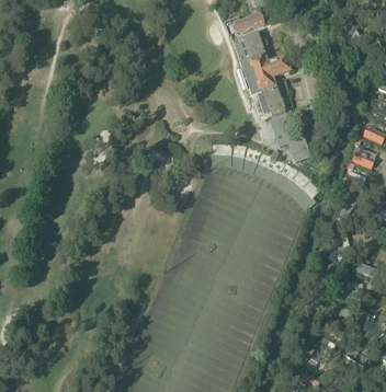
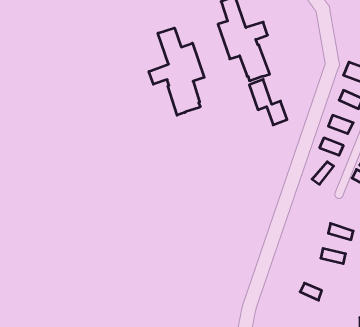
building: none -> [149,28,204,115]

